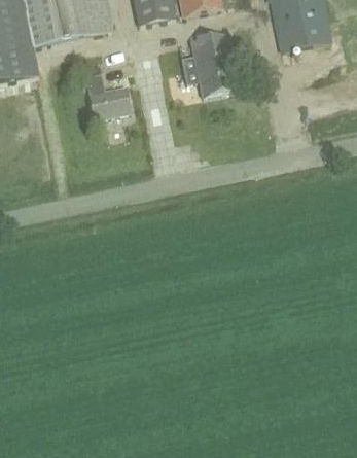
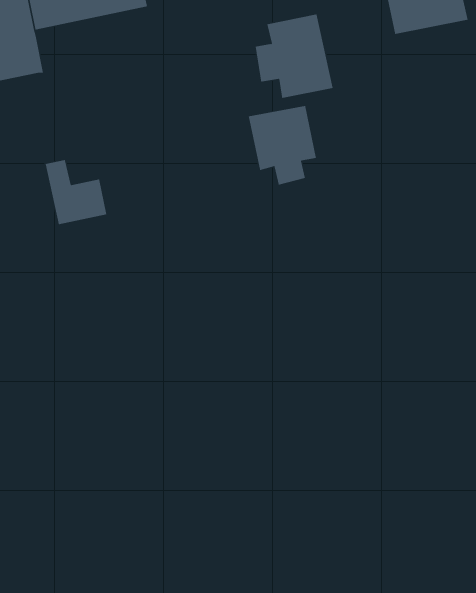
building: [85,72,129,117] -> [45,160,107,225]
building: none -> [248,105,317,185]

